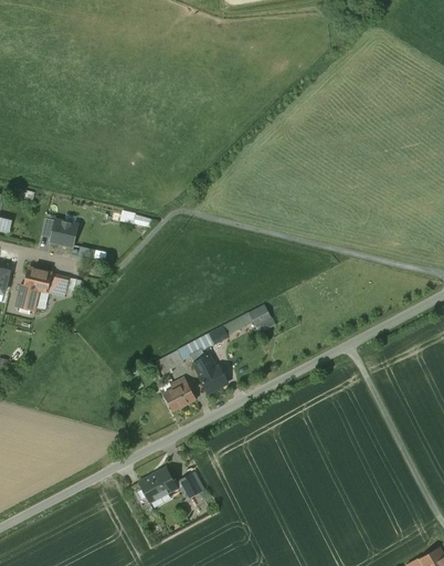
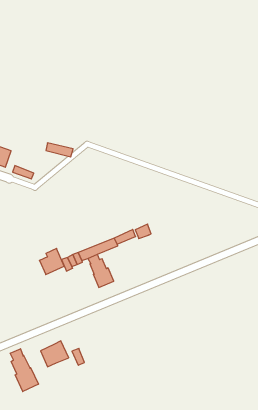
building: [162,377,195,412] -> [39,248,64,275]
building: none -> [10,349,38,392]

